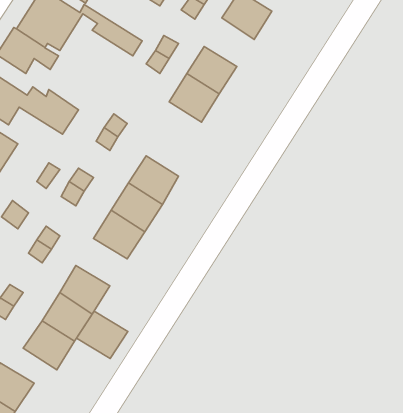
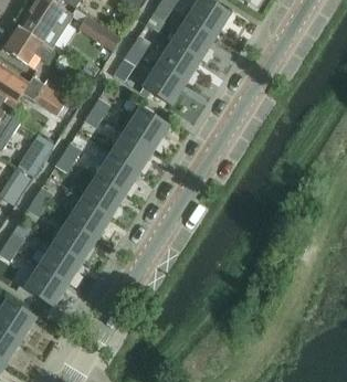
building: none -> [172,19,213,59]
building: none -> [125,108,167,148]
building: [77,311,128,359] -> [67,199,109,237]

